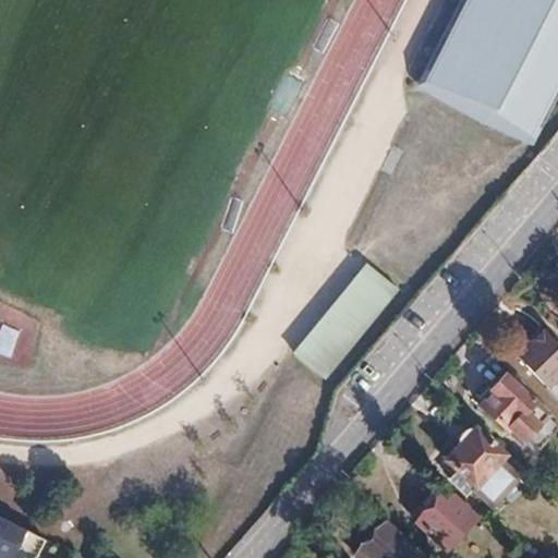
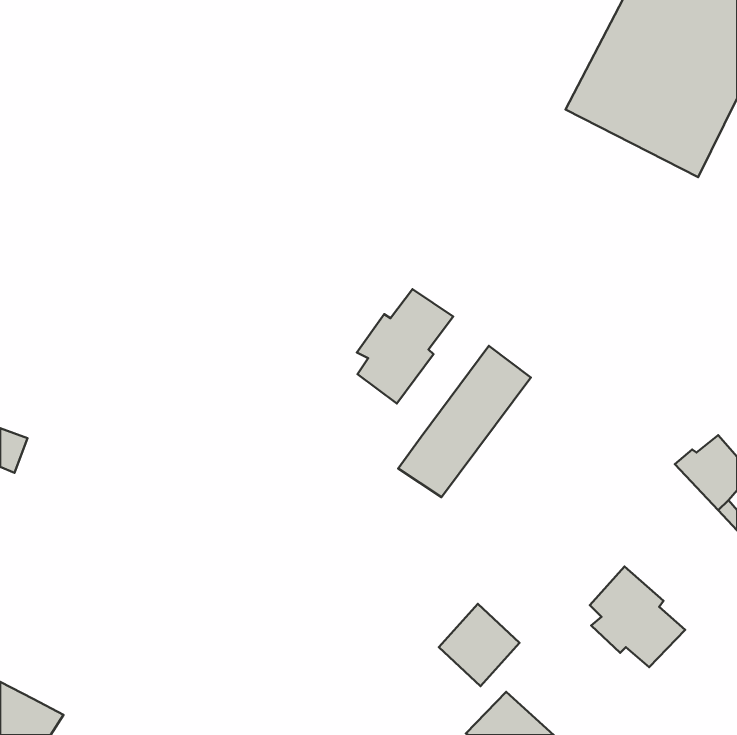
building: none -> [357,289,453,403]
building: [480,375,544,441] -> none
building: [414,488,475,550] -> [439,604,520,686]

